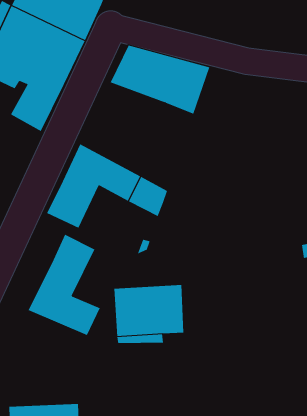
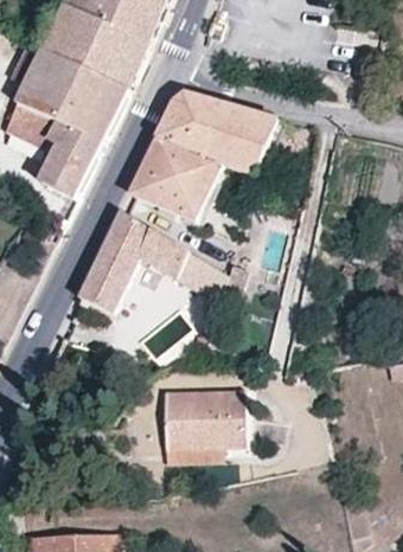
building: none -> [130,137,225,218]
building: [28,234,100,336] -> none

